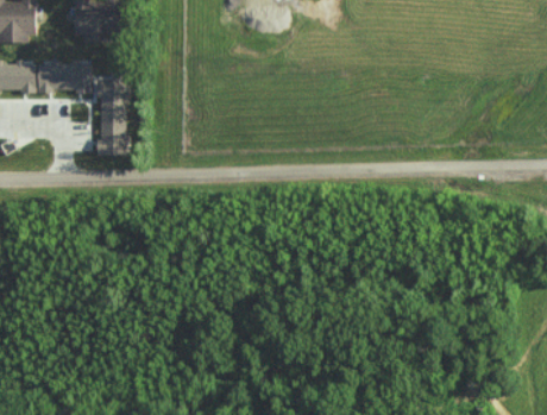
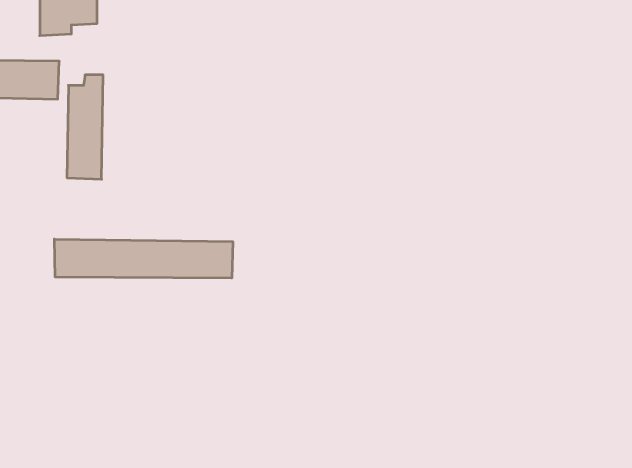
building: none -> [54,239,233,278]

